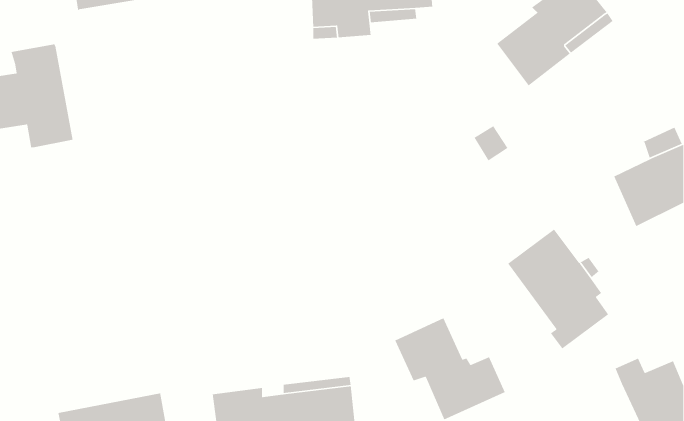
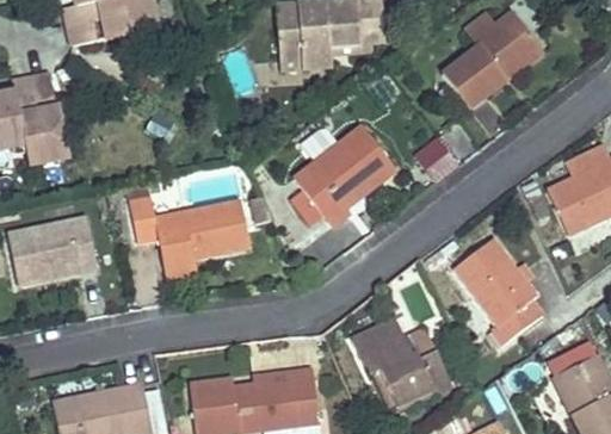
building: none -> [272,124,399,242]
building: none -> [129,198,248,278]
building: none -> [8,218,98,284]

